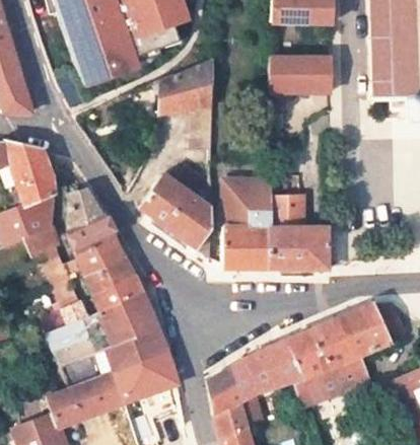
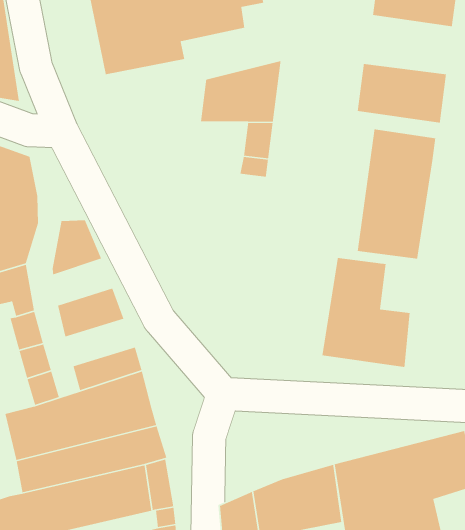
building: [139,165,211,256] -> none
building: [223,176,269,265] -> [357,129,436,259]
building: [70,216,114,252] -> none
building: [84,257,135,294] -> none

